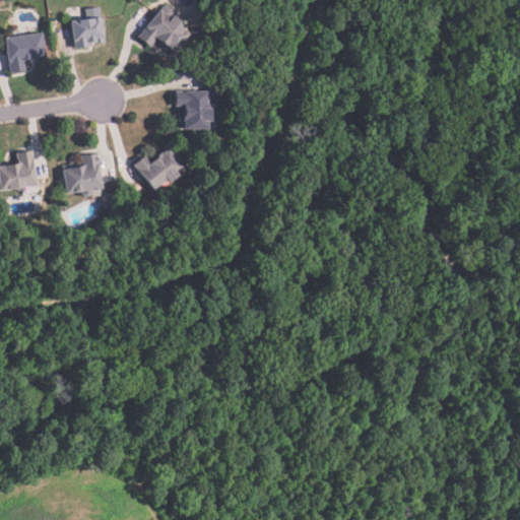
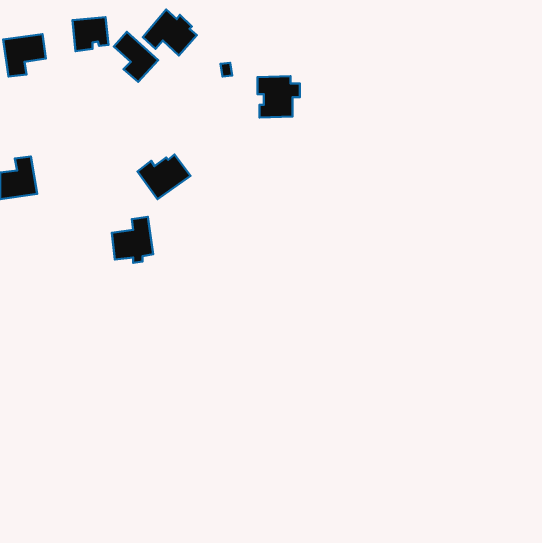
building: none -> [114,32,158,82]
building: [177,89,217,129] -> [257,76,300,118]
building: [63,152,103,196] -> [112,217,153,263]

